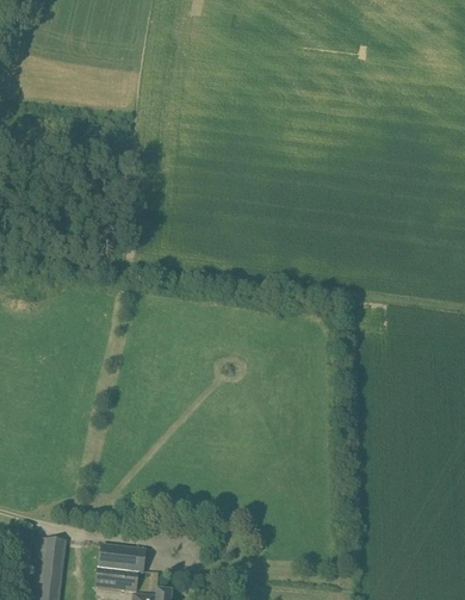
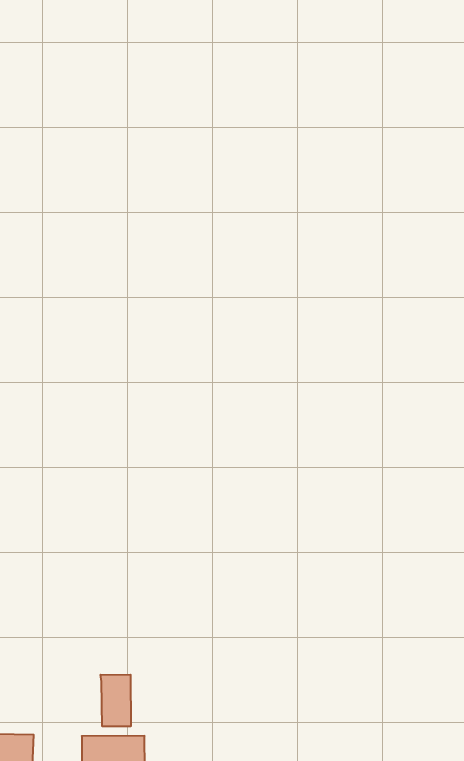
building: none -> [101,675,131,726]

